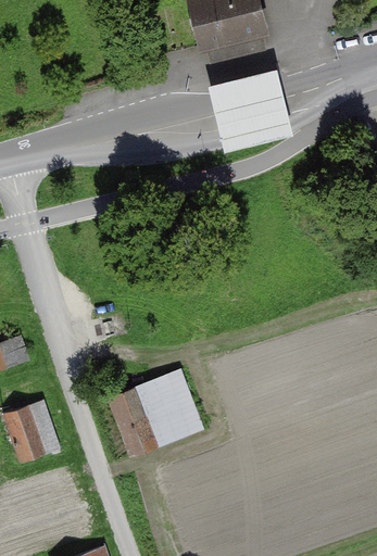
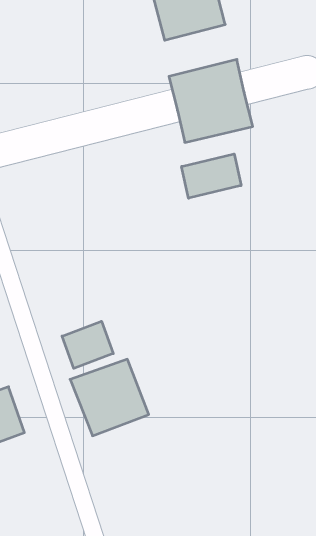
building: none -> [182,154,241,198]
building: none -> [62,321,113,368]

